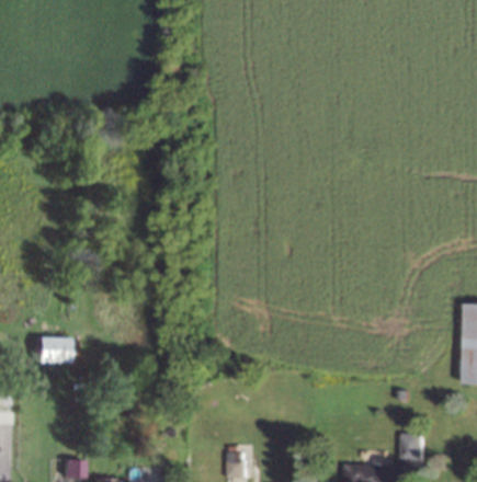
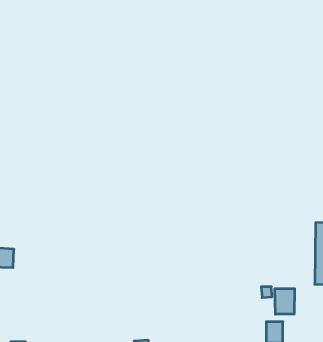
building: none -> [275,289,295,314]

